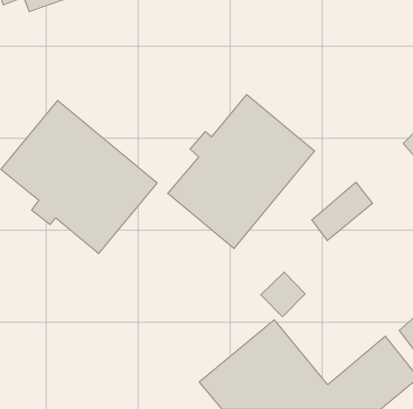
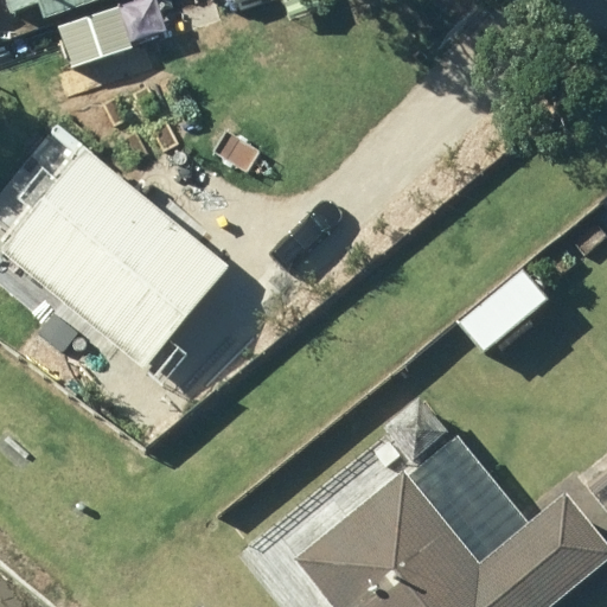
building: [168,95,315,249] -> none

